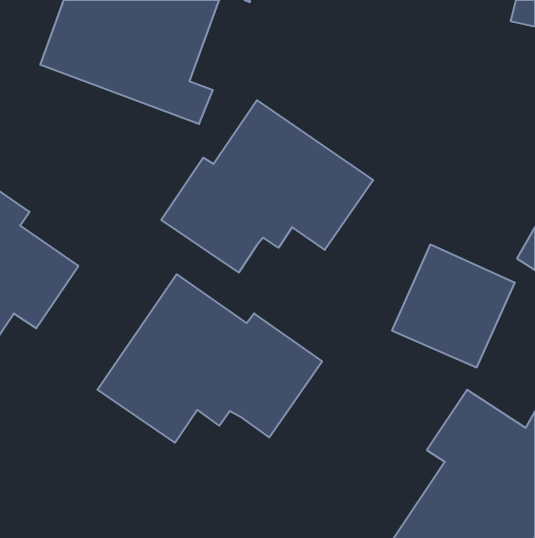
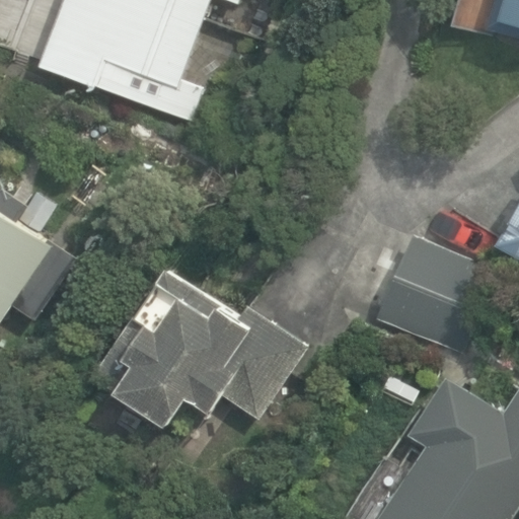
building: [161,100,373,273] -> none

